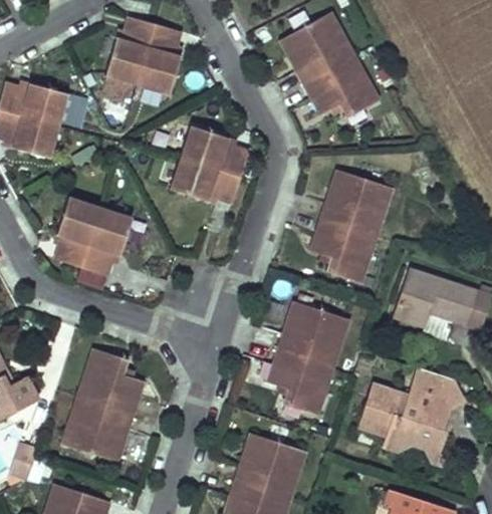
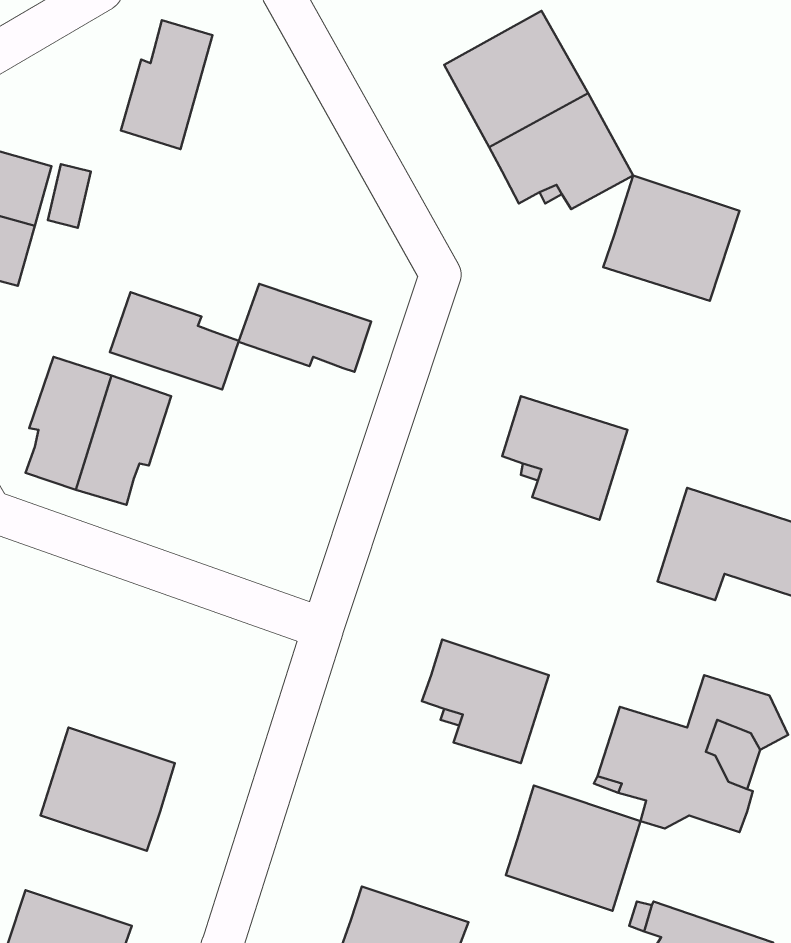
building: [137,24,182,94] -> none
building: [179,125,248,178] -> [110,292,239,389]
building: [319,169,393,236] -> [603,175,740,301]
building: [277,300,350,367] -> none
building: [76,347,145,415] -> none
building: [234,433,306,500] -> [506,785,641,911]

